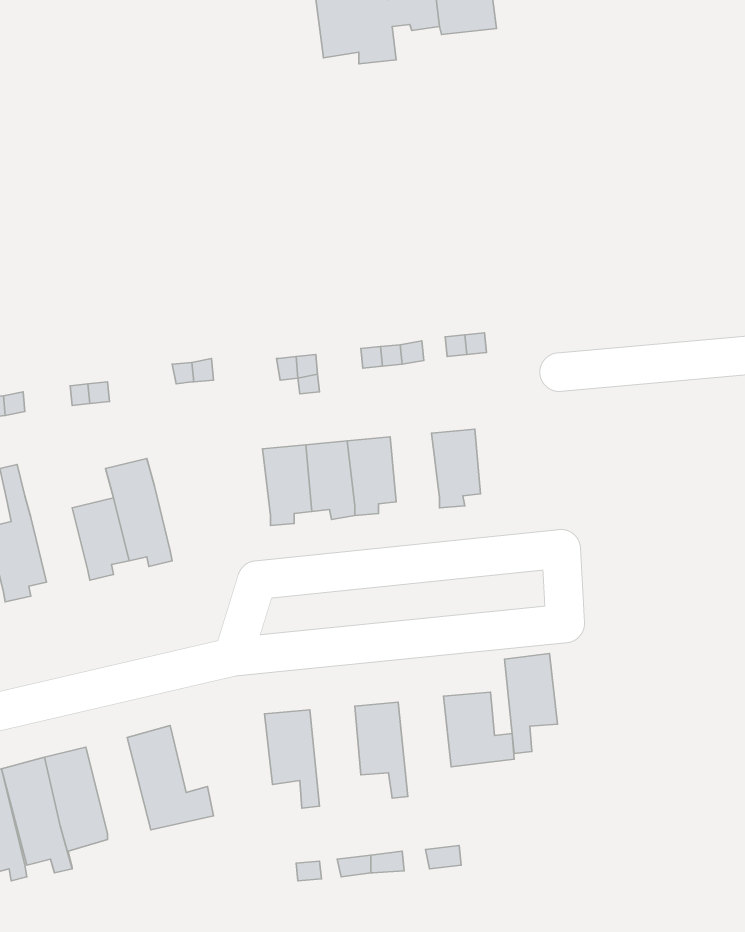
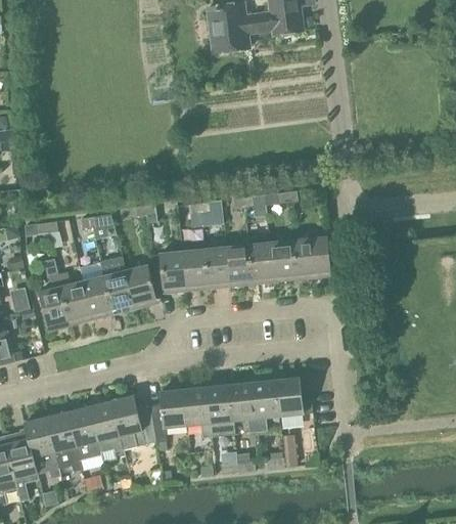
building: none -> [246,236,273,282]
building: none -> [291,236,331,278]
building: none -> [158,251,185,292]
building: none -> [125,265,155,309]
building: none -> [57,273,91,322]
building: [504,653,557,754] -> [252,380,279,432]
building: none -> [206,385,234,437]
building: none -> [148,389,186,442]
building: none -> [89,401,123,451]

